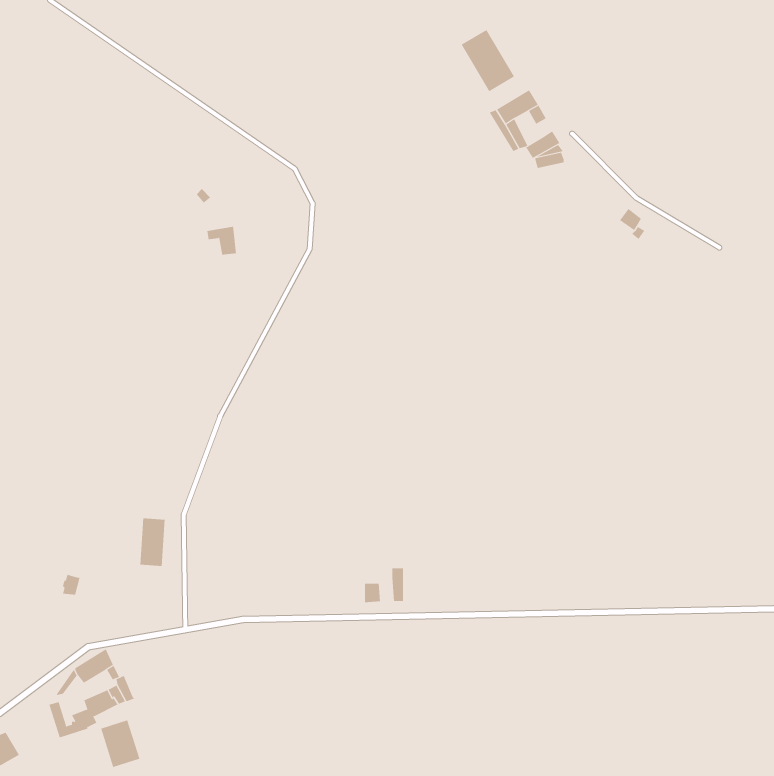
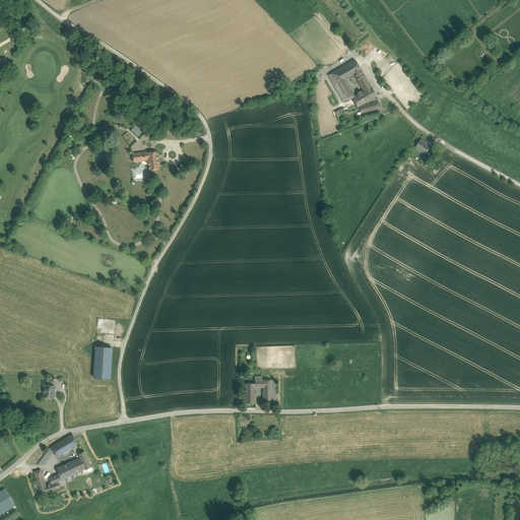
building: [461,29,515,92] -> none
building: [100,719,140,768] -> none

